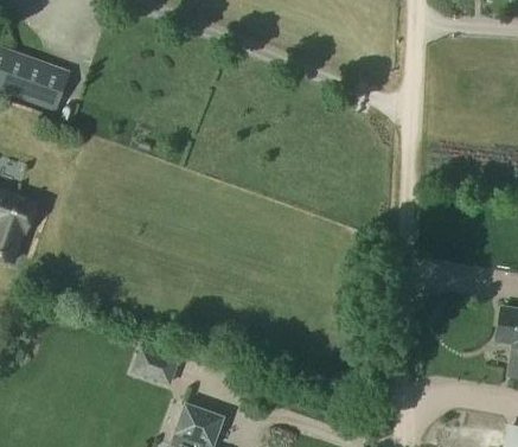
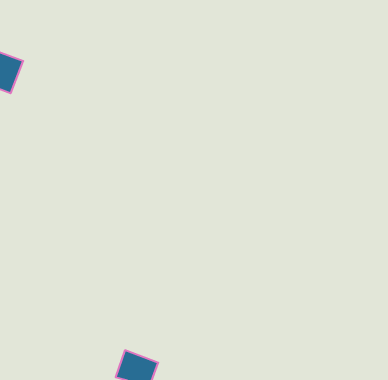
building: [135,350,179,382] -> none

